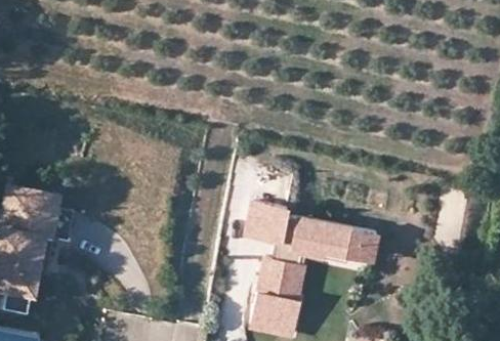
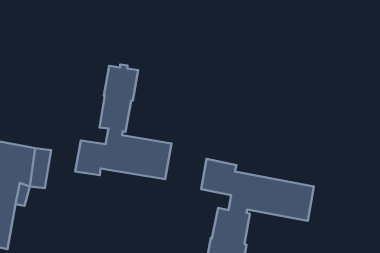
building: none -> [75,65,171,179]

